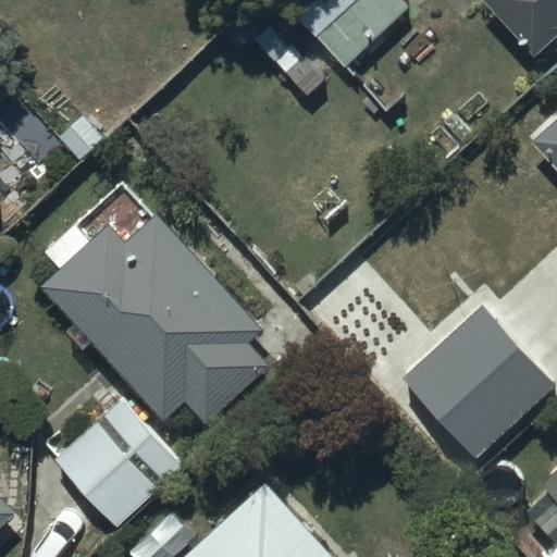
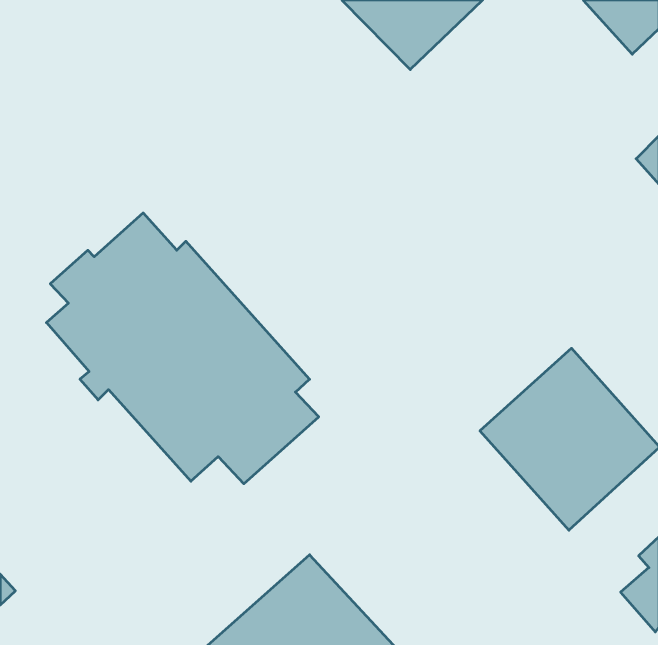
building: [54,399,185,529] -> none

